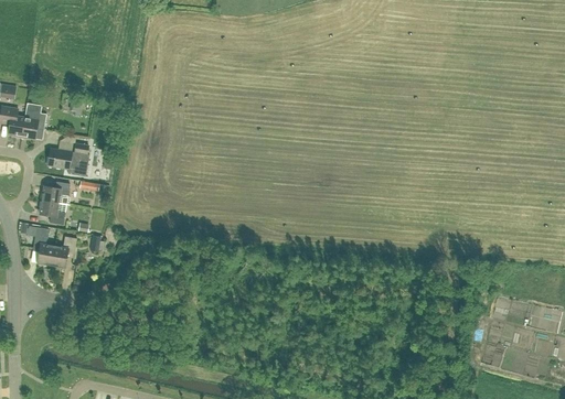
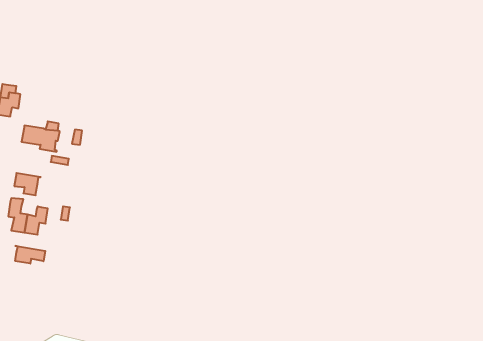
building: [42,182,70,205] -> none
building: none -> [15,246,45,264]

